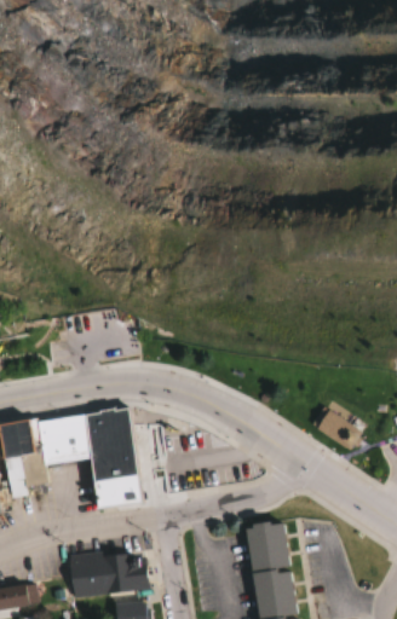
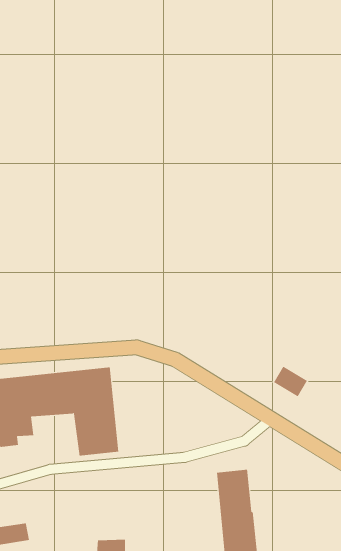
building: [70,551,151,598] -> none

